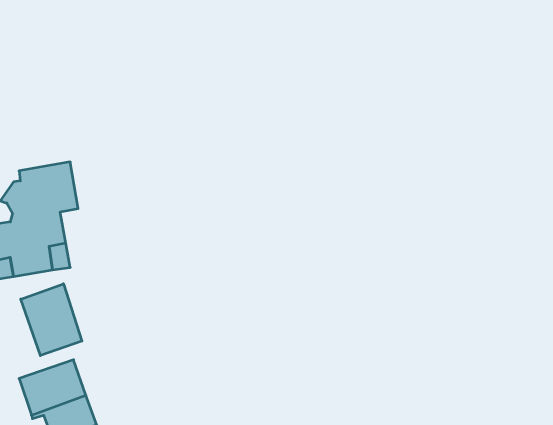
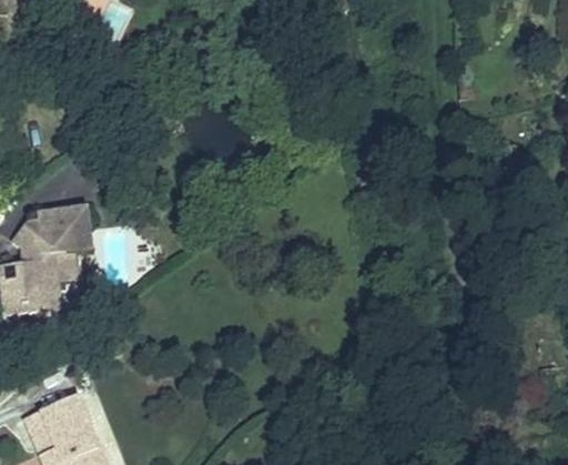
building: [21,284,82,356] -> none

